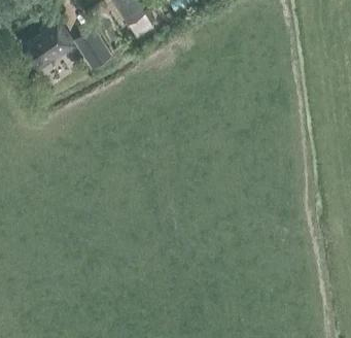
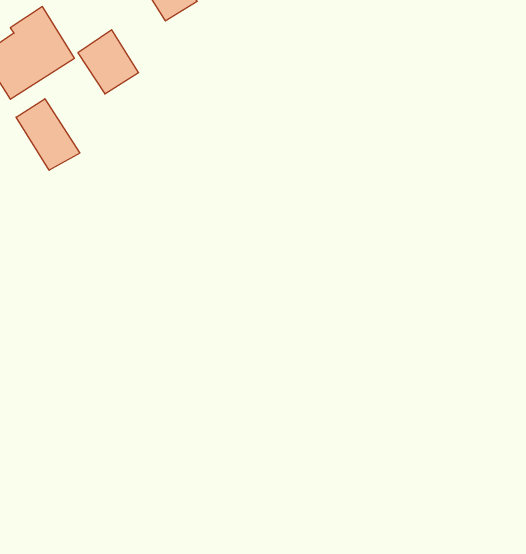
building: none -> [16,99,80,170]

